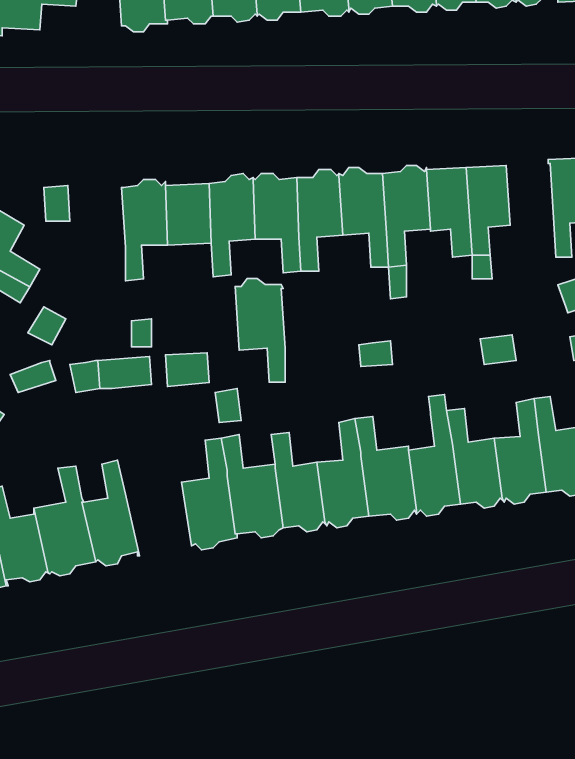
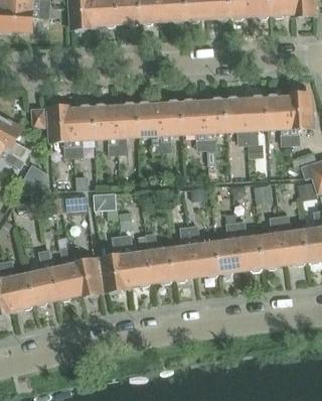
building: none -> [266,95,291,145]
building: [235,278,285,382] -> [48,104,73,156]
building: none -> [69,245,103,296]

